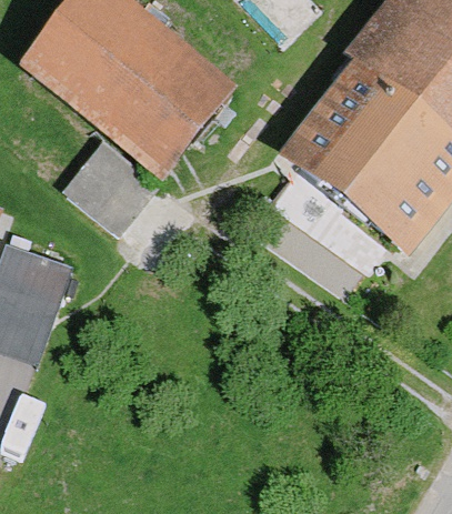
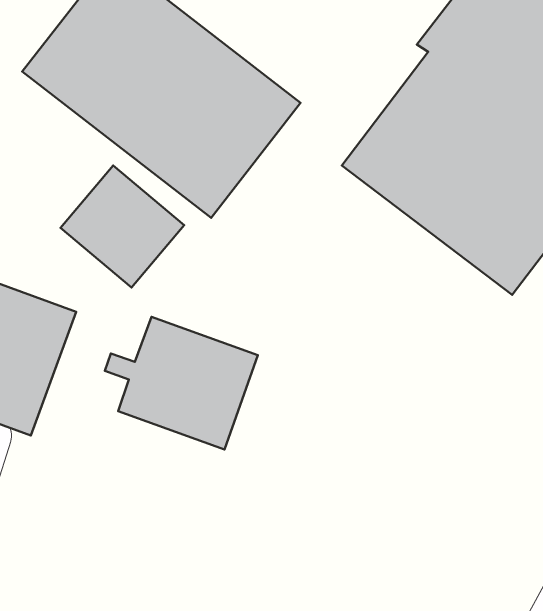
building: none -> [105,317,258,450]

